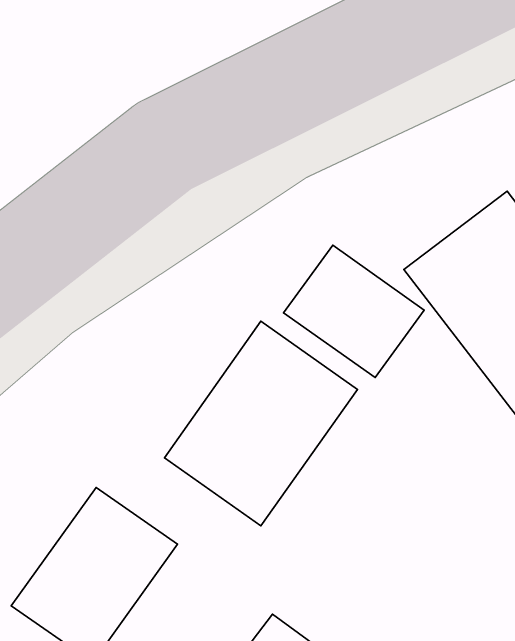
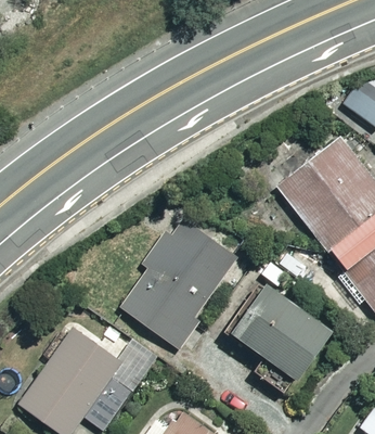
building: [284,245,424,377] -> none
building: none -> [235,291,334,384]

